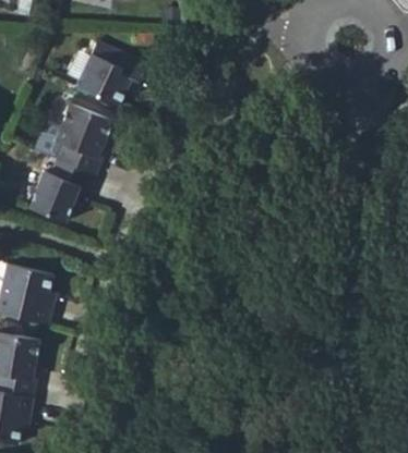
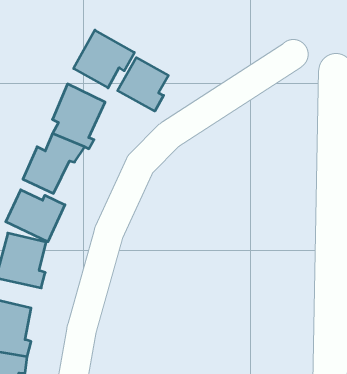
building: none -> [118,58,168,111]
building: none -> [6,190,65,242]

